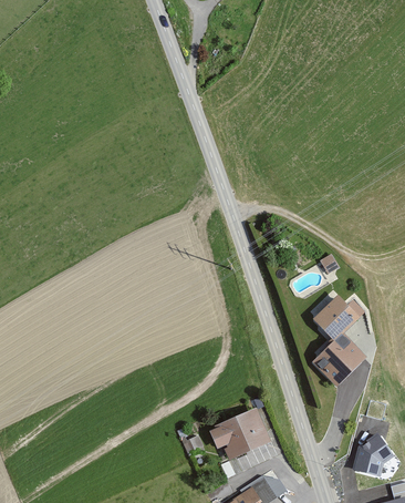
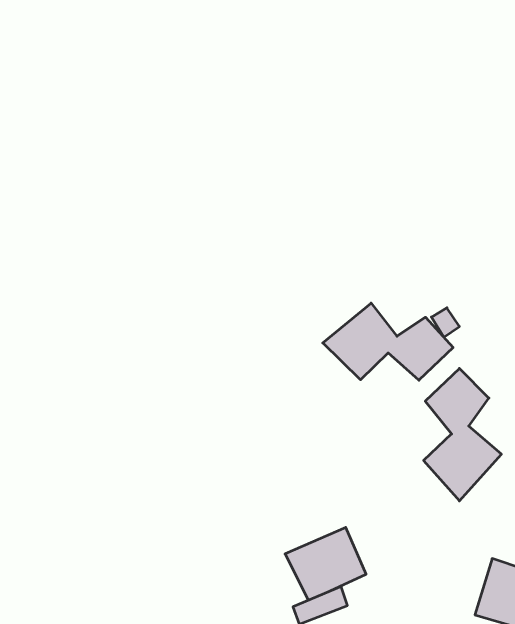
building: none -> [323,303,453,380]

